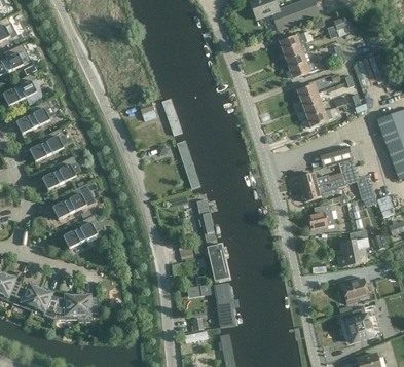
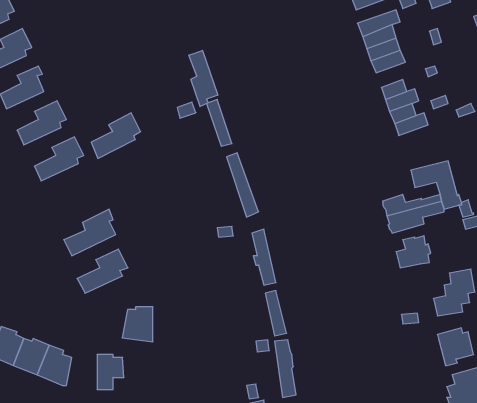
building: none -> [189,50,218,107]
building: [42,155,80,190] -> [91,113,141,158]
building: [54,295,78,322] -> [122,307,153,342]

